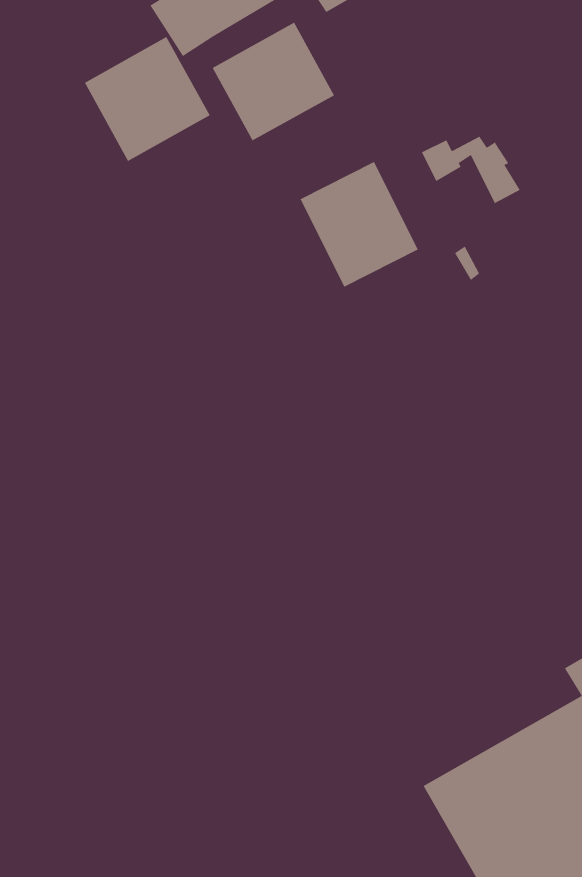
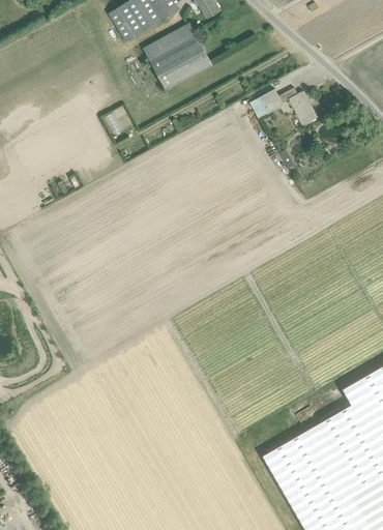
building: [84,36,211,162] -> none
building: [300,161,418,287] -> none

